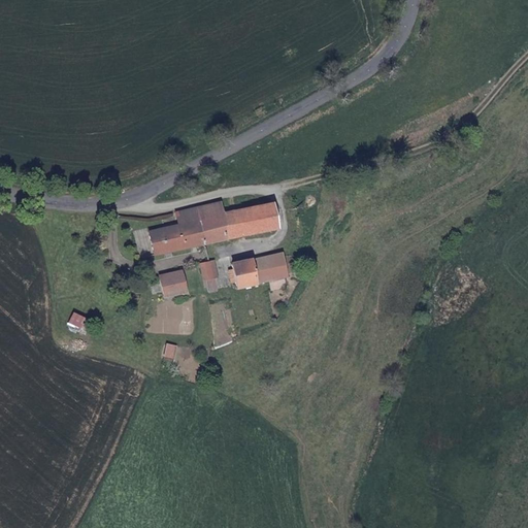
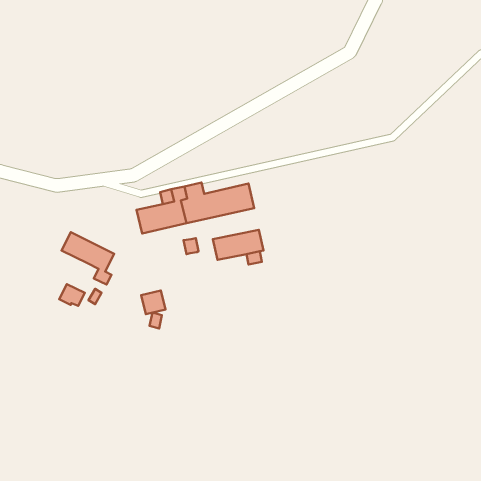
building: none -> [62,232,114,285]
building: [161,270,188,296] -> [141,291,166,314]

